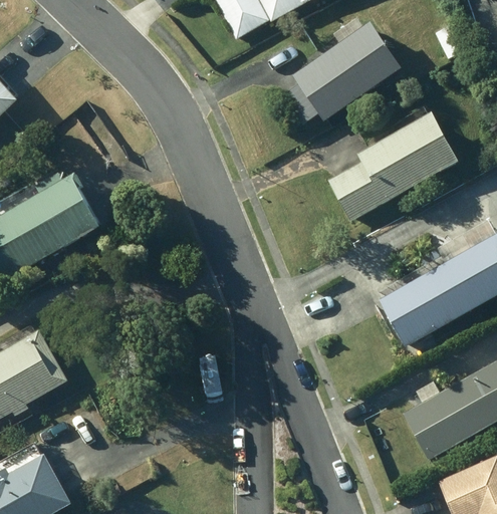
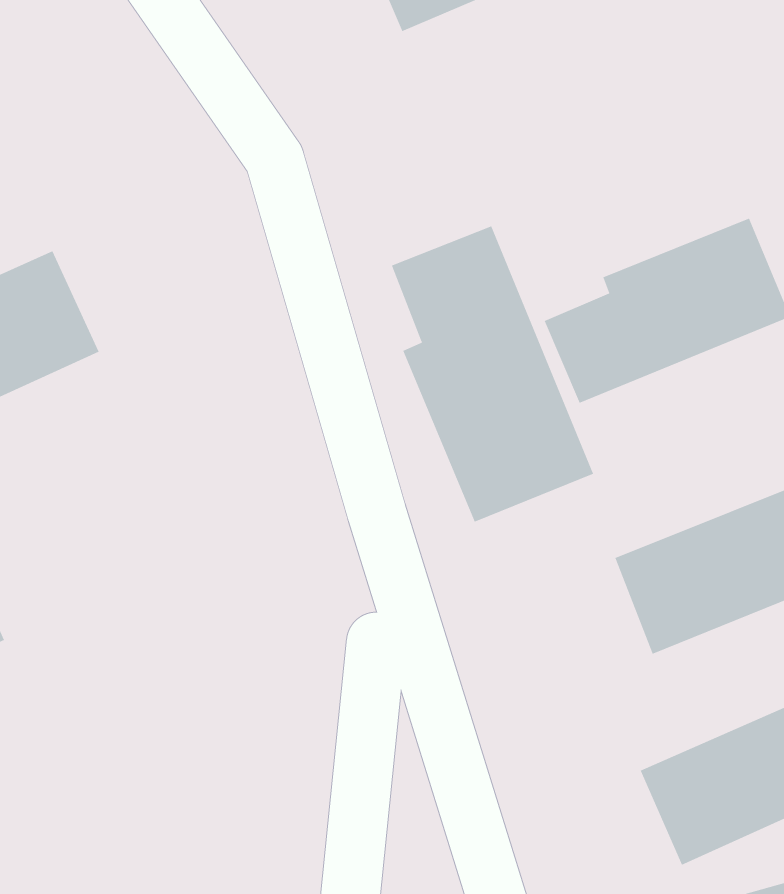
building: [282,26,399,125] -> none
building: none -> [391,225,594,523]

